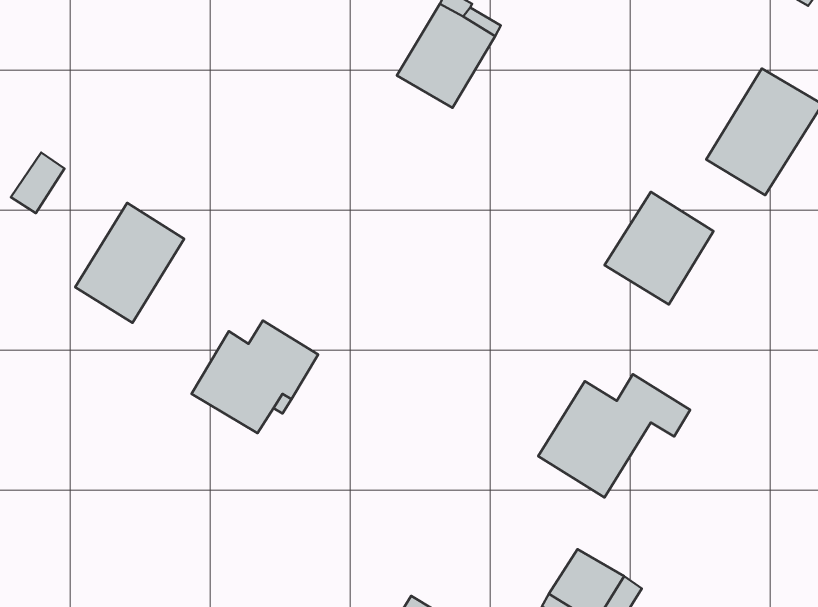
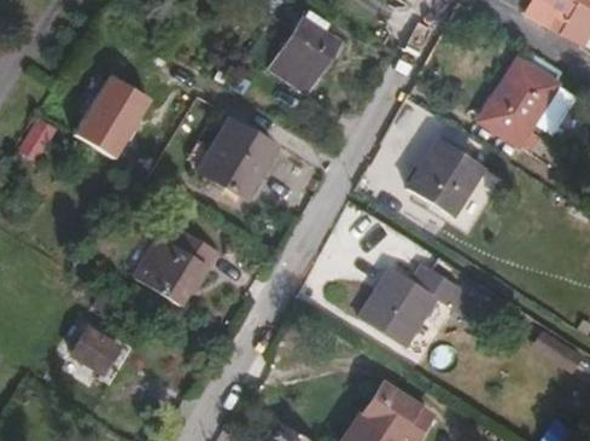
building: none -> [195,122,273,203]
building: [75,203,184,323] -> [84,71,158,152]
building: none -> [68,324,116,373]

